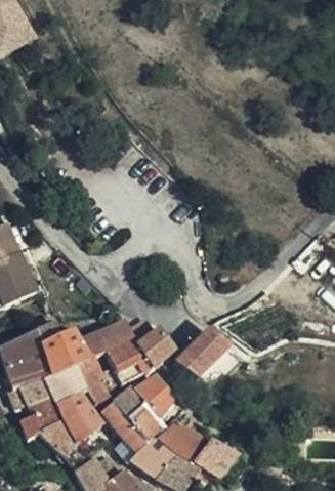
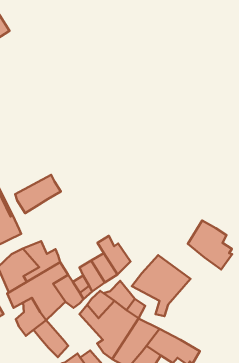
building: none -> [188,220,232,269]
building: [81,310,138,356] -> [15,175,61,213]
building: [61,393,108,446] -> none

